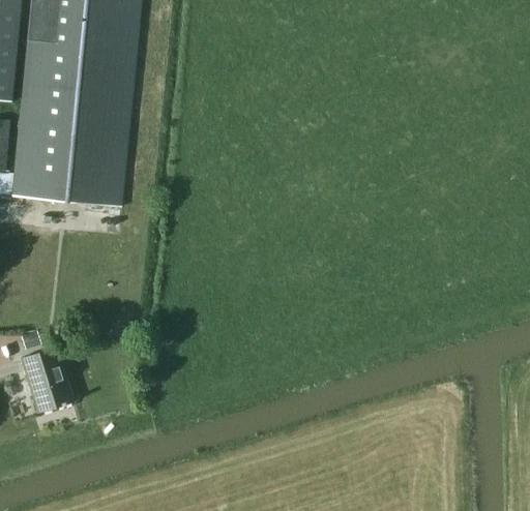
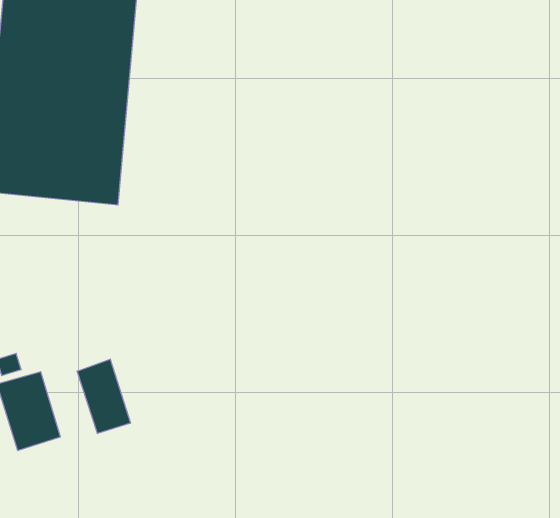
building: none -> [77,359,130,434]

